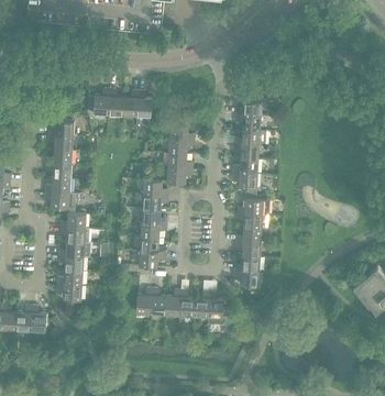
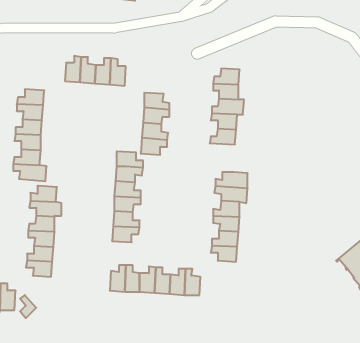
building: [231,173,255,200] -> none

